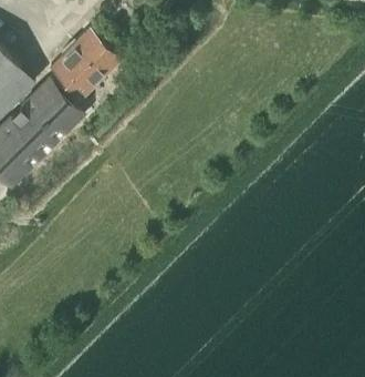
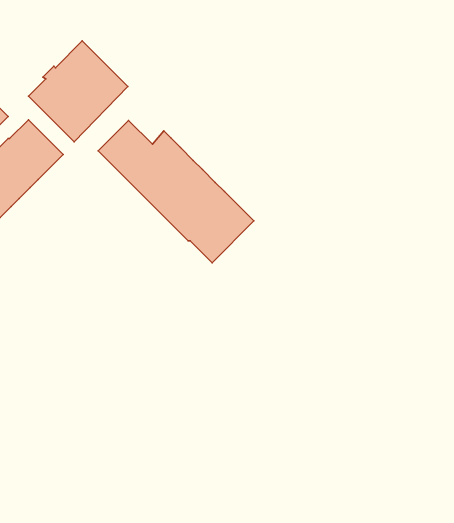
building: none -> [98,120,254,263]

